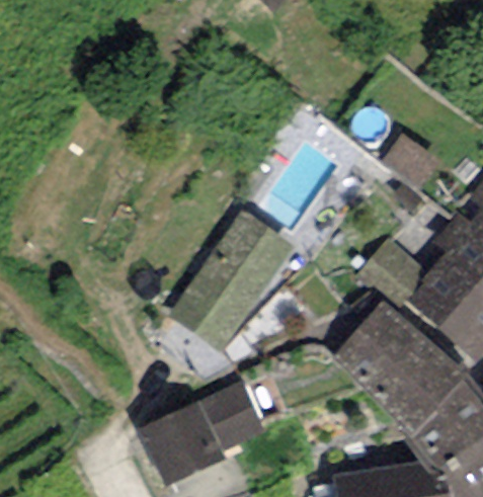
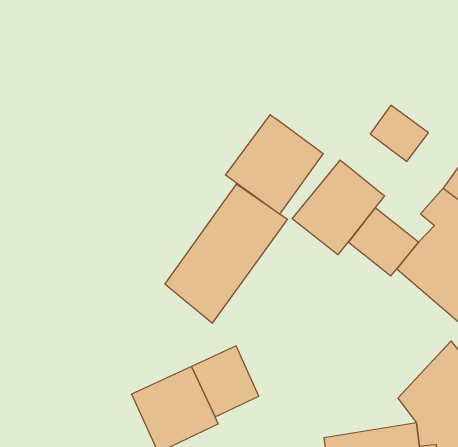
building: none -> [225,115,323,214]
building: none -> [292,160,385,255]
building: [329,300,465,433] -> none

